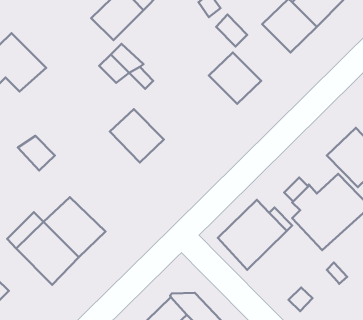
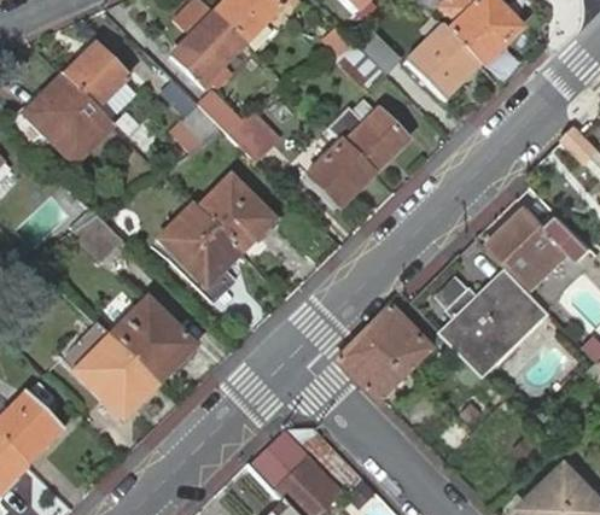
building: none -> [64,45,141,123]
building: none -> [304,141,372,209]
building: none -> [158,204,239,286]

